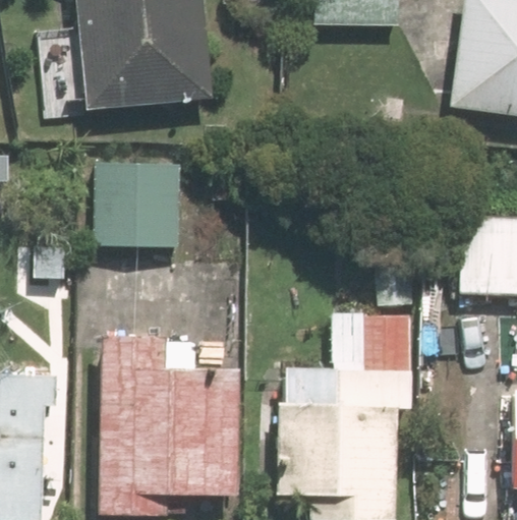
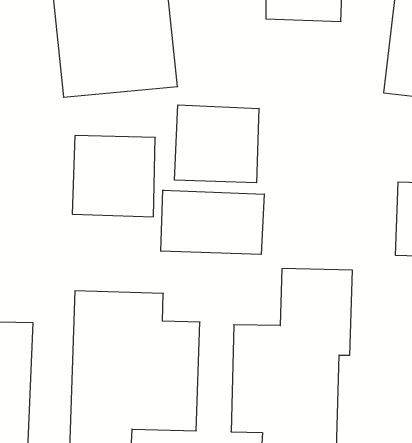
building: none -> [175,105,259,183]
building: none -> [161,190,264,254]

